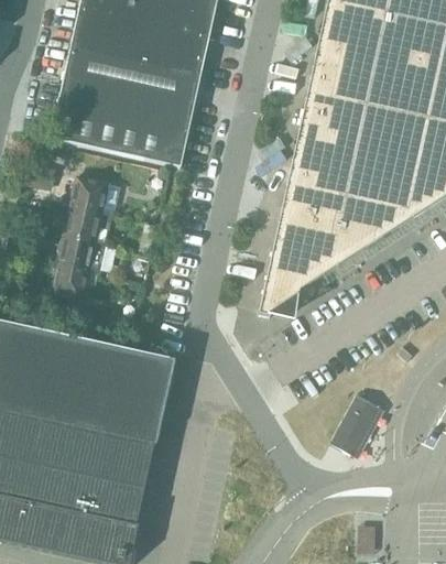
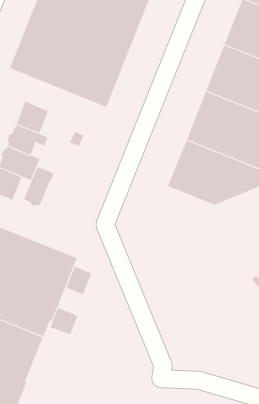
building: [259,251,336,315] -> none
building: none -> [23,166,54,207]
building: none -> [66,266,92,295]
building: [330,392,380,454] -> none
building: none -> [50,307,78,335]

